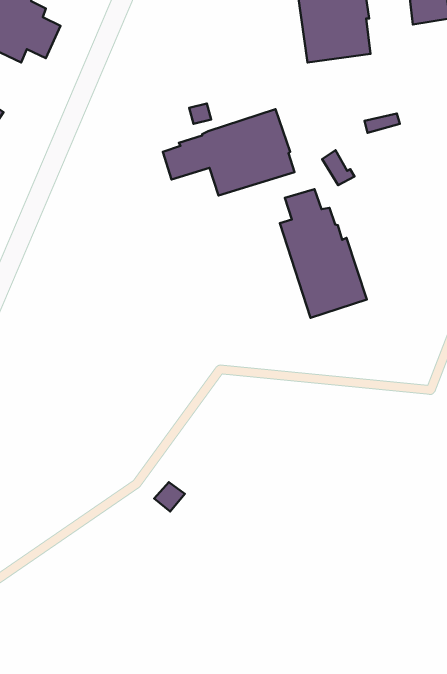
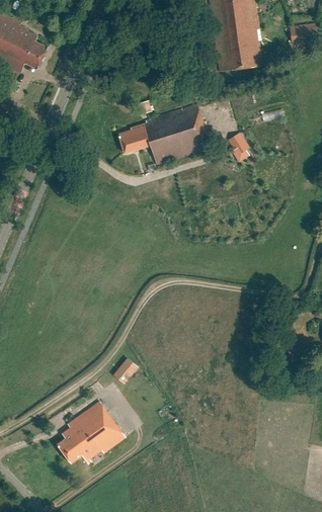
building: [280,189,367,318] -> none
building: none -> [58,401,125,463]

